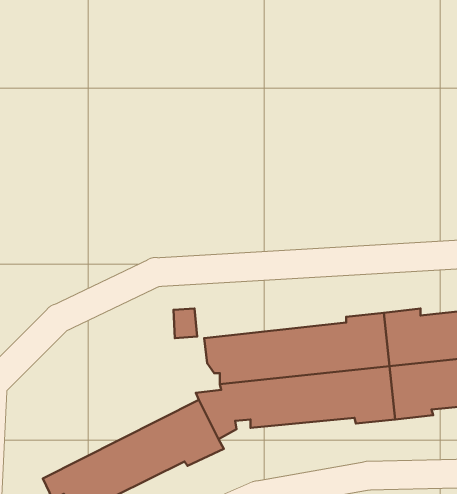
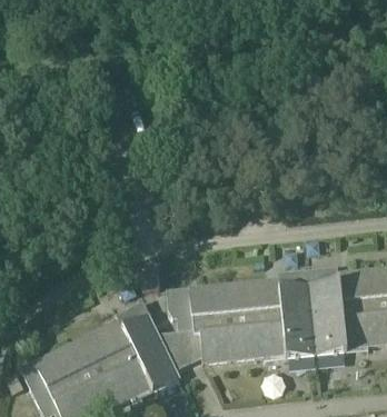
building: none -> [21,301,161,401]

